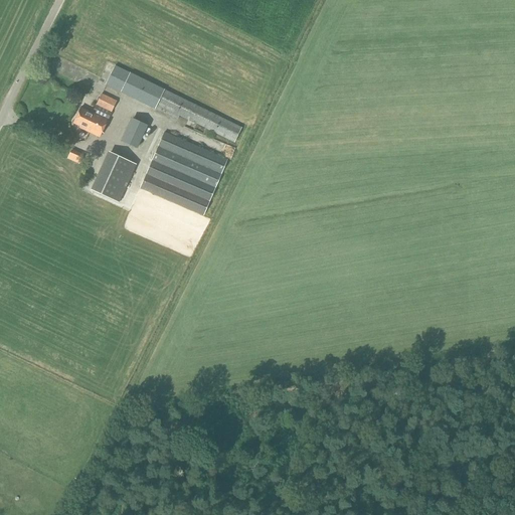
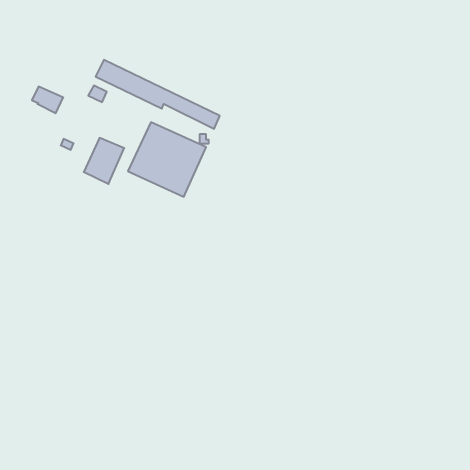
building: [73,109,108,138] -> [32,87,63,113]
building: [123,118,149,148] -> none

